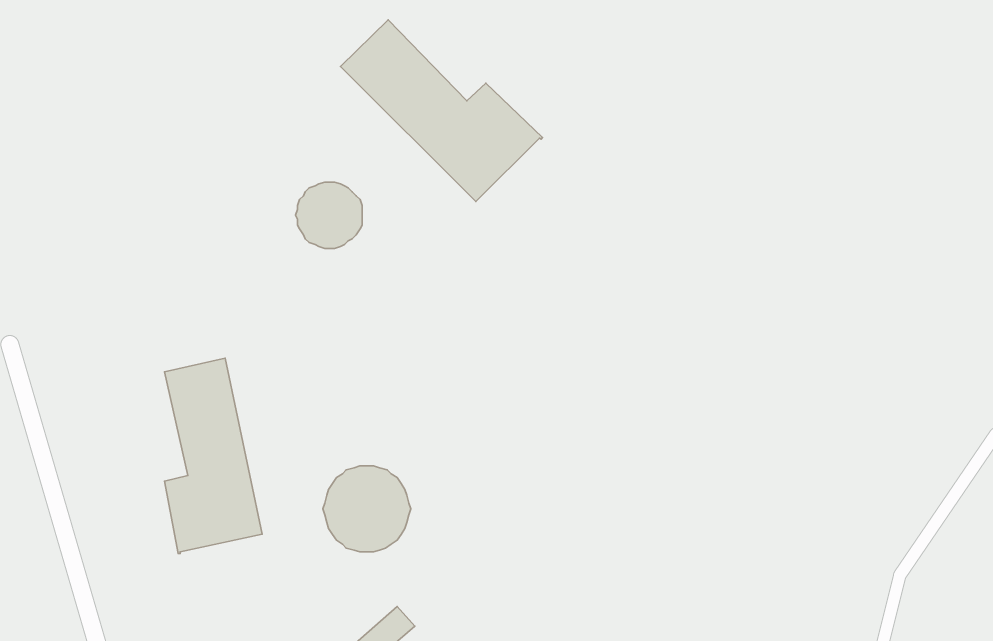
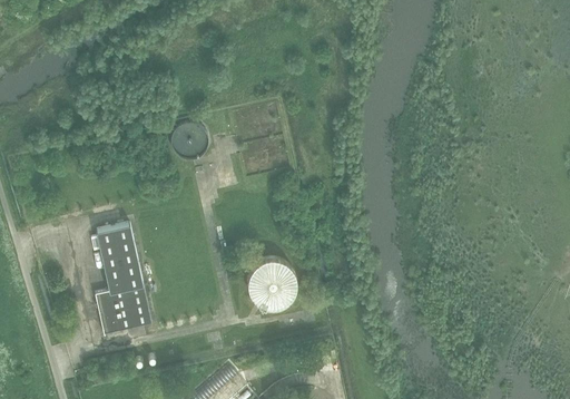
building: [341,20,542,202] -> none
building: [323,466,411,552] -> [247,260,297,309]

